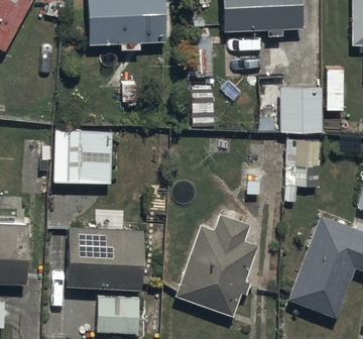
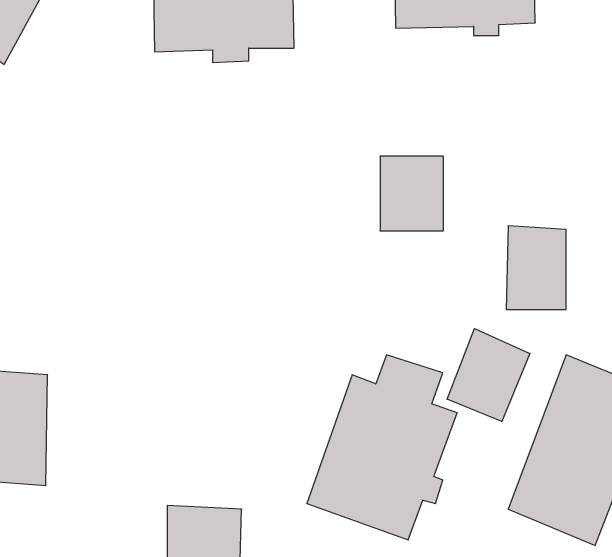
building: [284,90,320,131] -> [380,156,443,231]
building: [56,129,115,184] -> none
building: none -> [447,329,530,422]
building: [69,227,143,290] -> none

